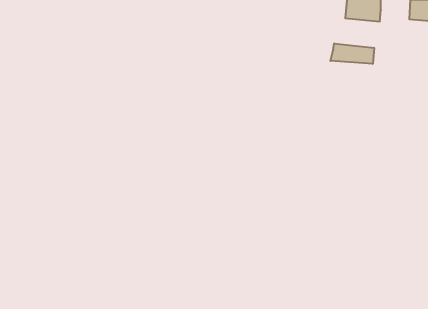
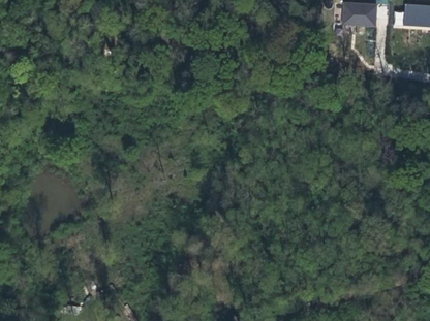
building: [330,43,374,64] -> none

